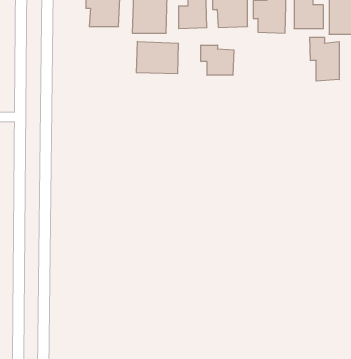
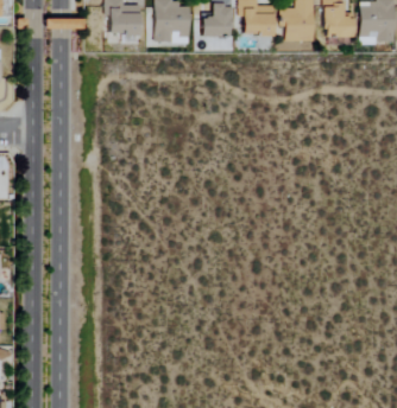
building: [310,37,339,81] -> none
building: [136,41,178,74] -> none
building: [201,45,234,75] -> none

